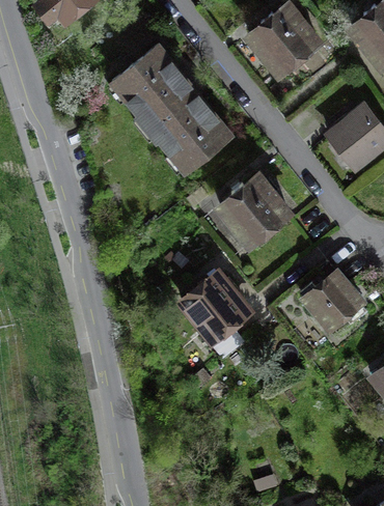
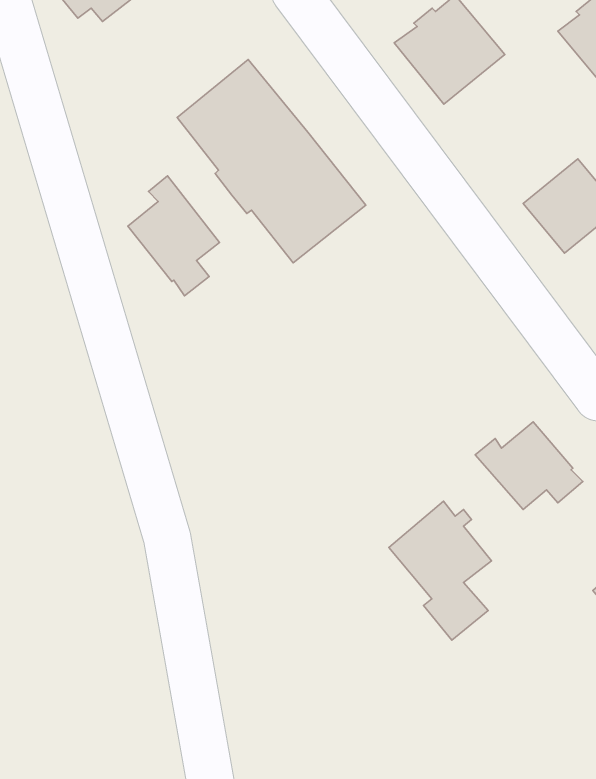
building: none -> [128,176,219,296]
building: [220,175,289,244] -> none
building: [183,273,247,360] -> [389,501,492,640]

